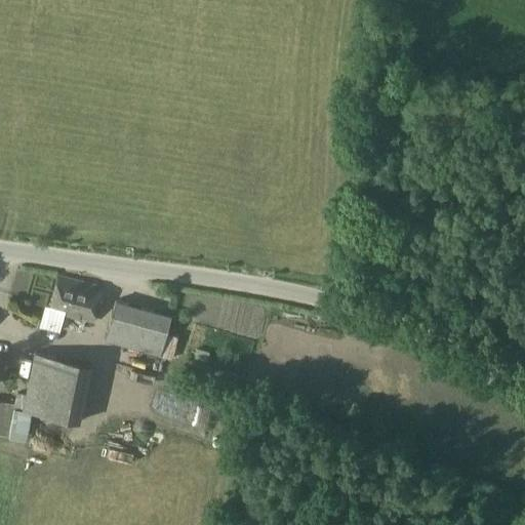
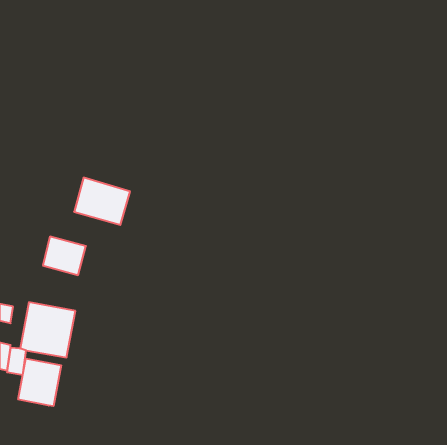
building: [104,301,169,357] -> [74,178,130,225]
building: none -> [18,359,61,406]

